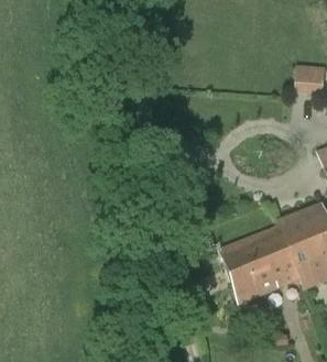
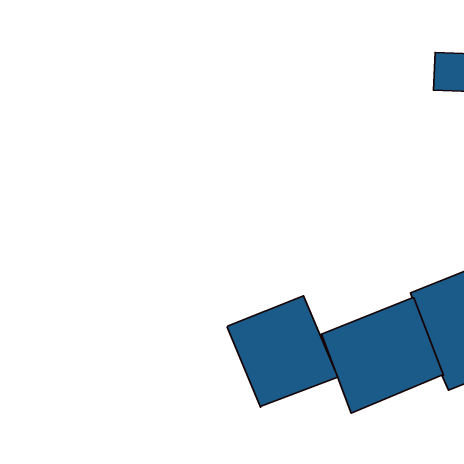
building: none -> [227,296,338,407]

